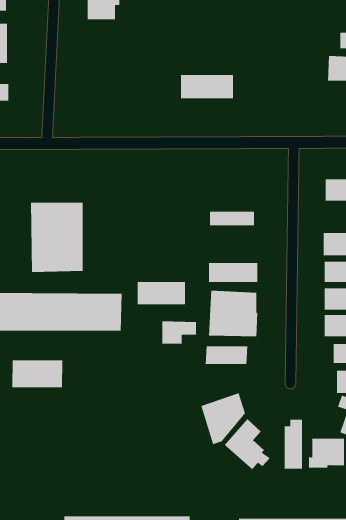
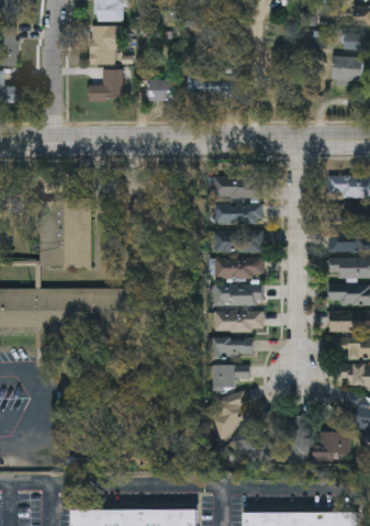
building: none -> [90,25,122,64]
building: none -> [89,69,123,99]
building: none -> [147,79,175,101]
building: none -> [212,180,264,202]
building: [137,281,186,305] -> [214,231,262,254]
building: [161,321,197,344] -> [214,365,249,388]
building: [12,359,63,388] -> none

